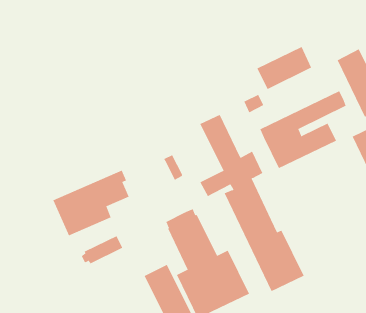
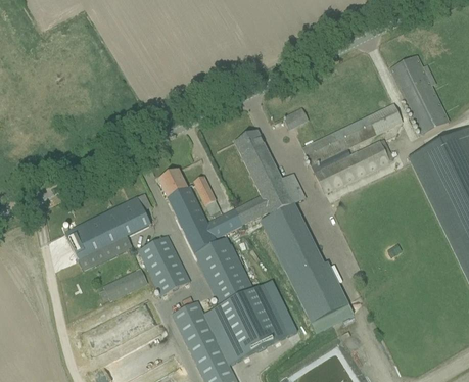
building: [256,46,312,90] -> none
building: none -> [158,170,243,252]
building: none -> [138,234,191,294]

